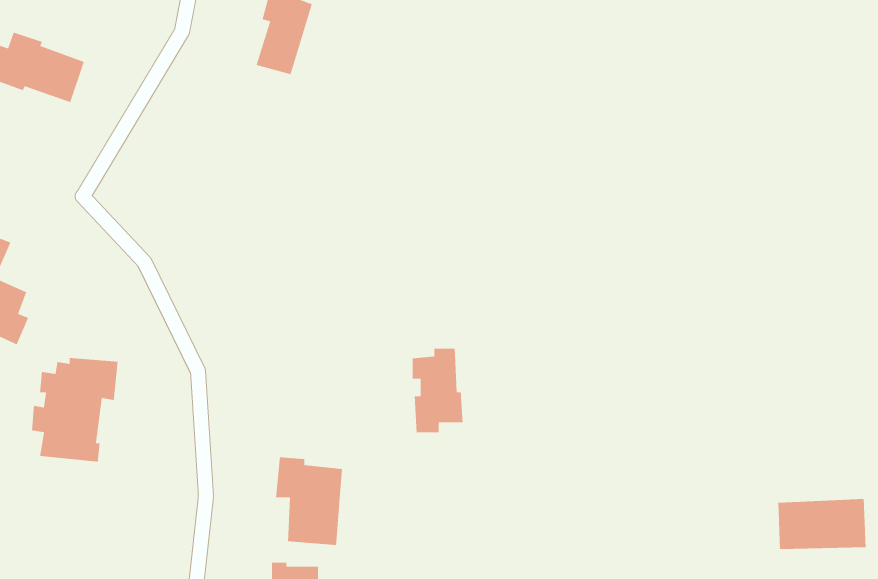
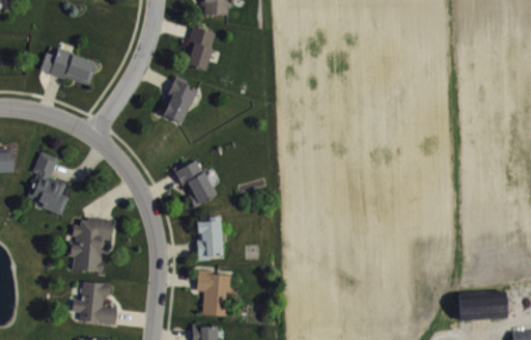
building: none -> [162,75,197,123]
building: none -> [172,161,215,204]
building: [412,348,463,433] -> [197,217,224,261]
building: none -> [71,282,117,325]

